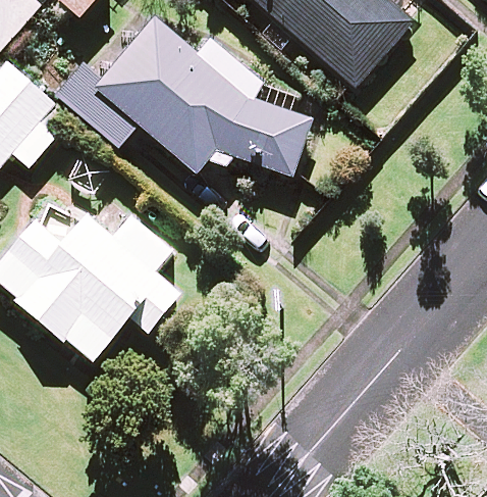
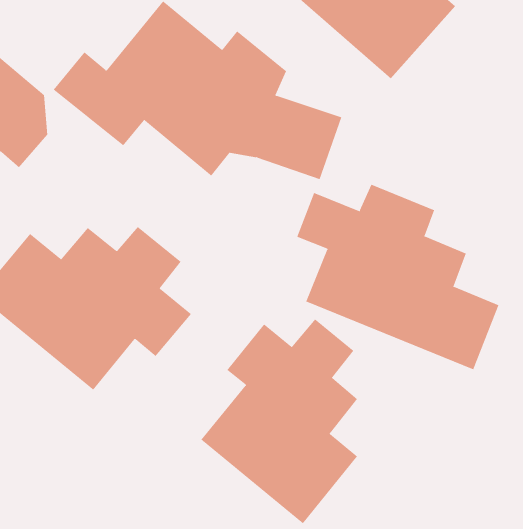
building: none -> [296,184,499,370]
building: none -> [200,319,358,524]

